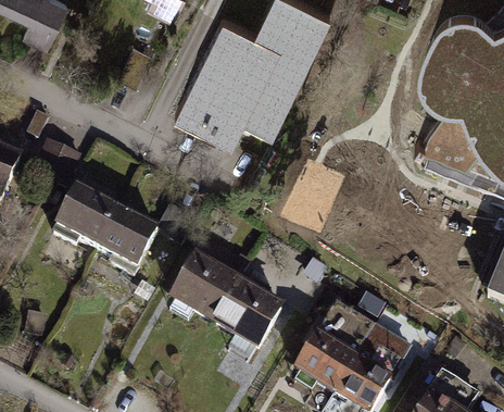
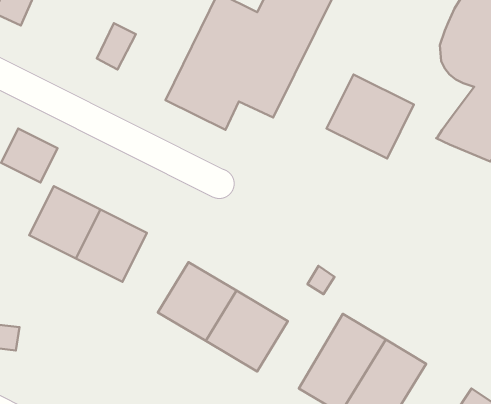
building: none -> [327,74,414,158]

